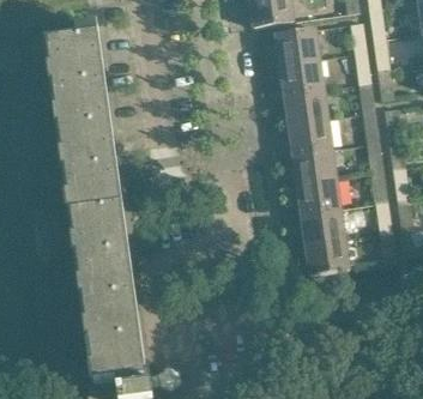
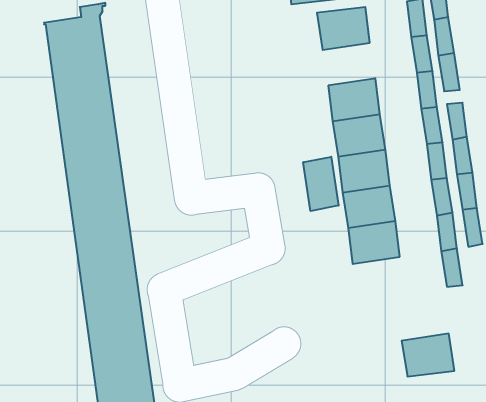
building: [280,59,325,95] -> none
building: none -> [303,157,339,211]
building: [306,238,350,274] -> [402,334,454,376]

